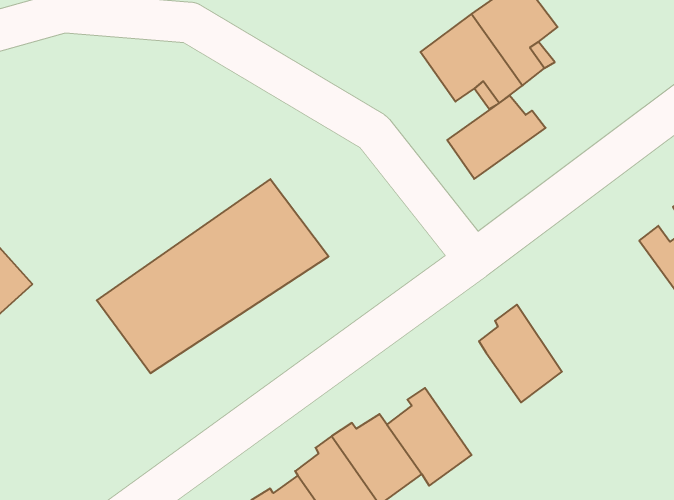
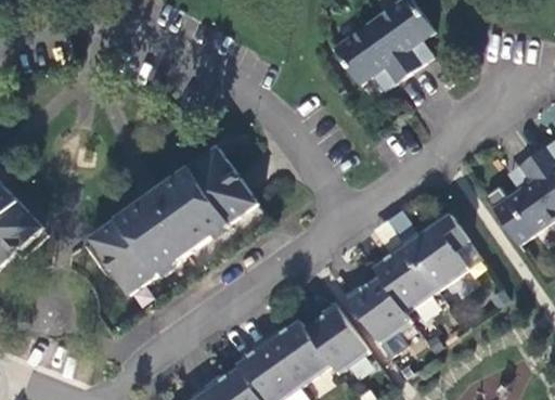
building: [447,96,546,179] -> none
building: none -> [400,215,467,292]
building: none -> [344,278,410,344]

